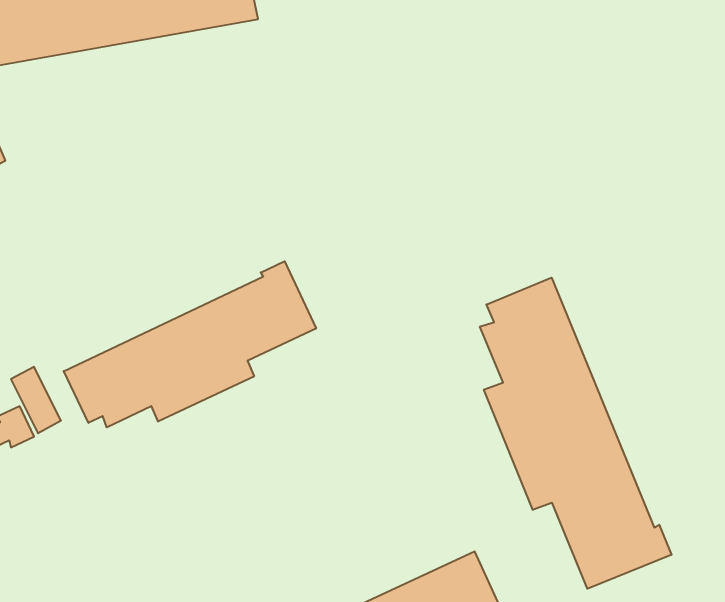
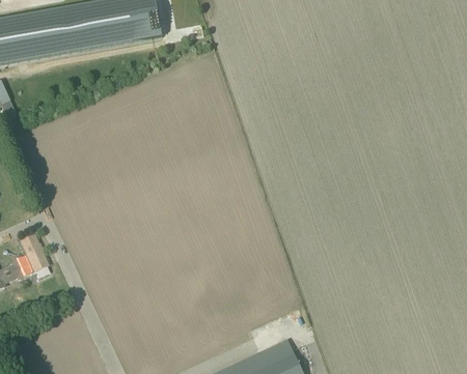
building: [64,261,316,427] -> none
building: [480,278,672,589] -> none

